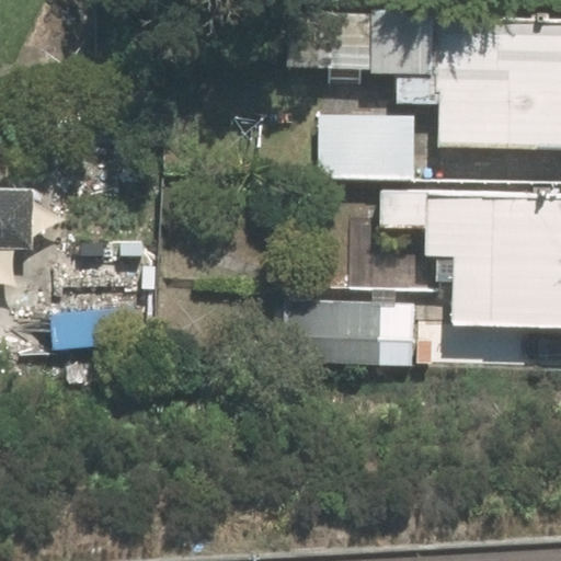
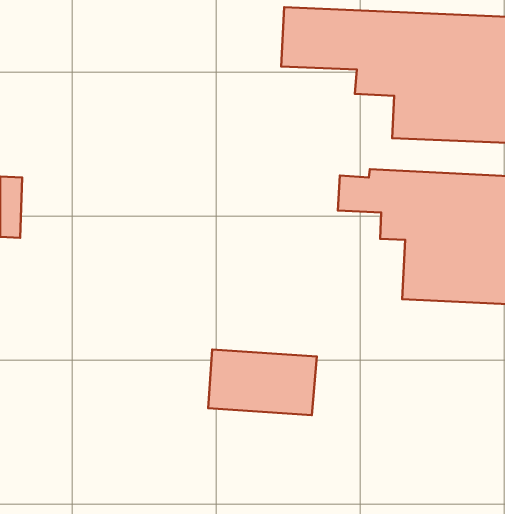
building: [317,111,423,182] -> none
building: [306,297,424,368] -> [208,350,317,415]

